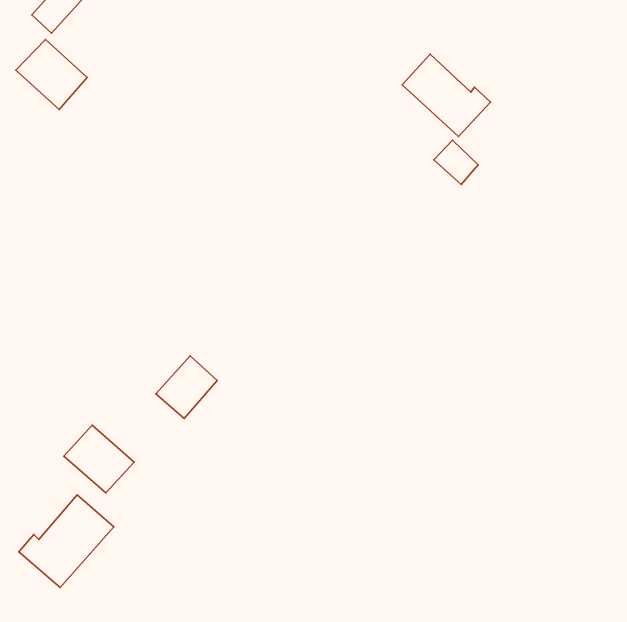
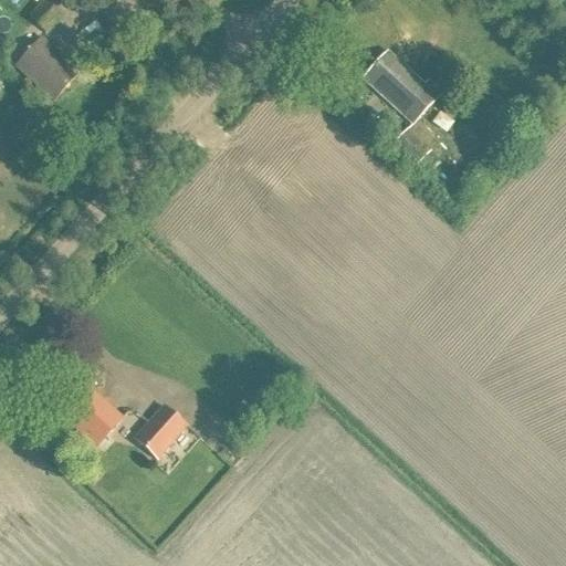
building: [156,356,217,418] -> [133,402,188,459]
building: [19,495,114,588] -> none

